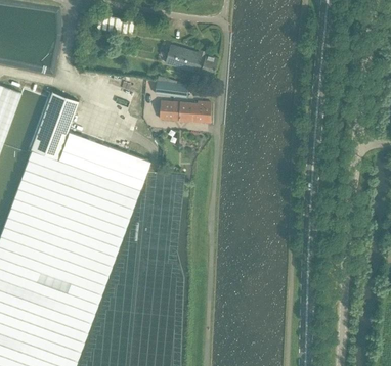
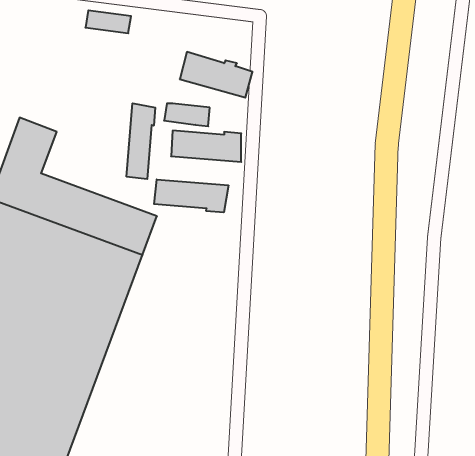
building: none -> [127,103,155,179]
building: none -> [154,179,228,212]

